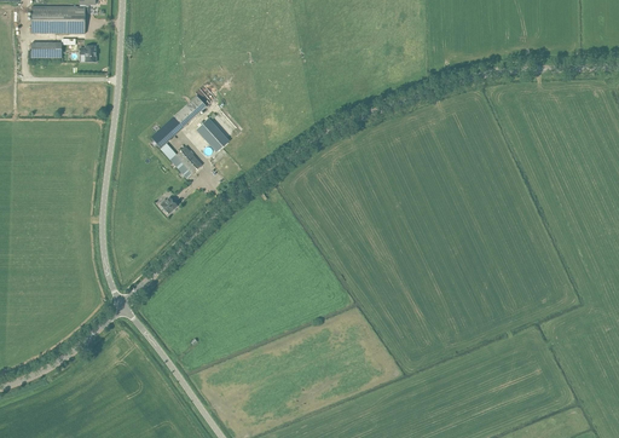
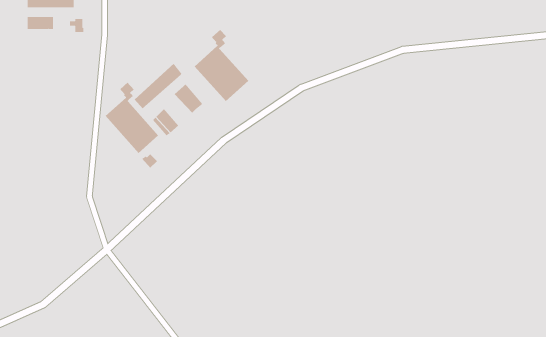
building: none -> [194,29,249,102]
building: none -> [105,82,159,154]

